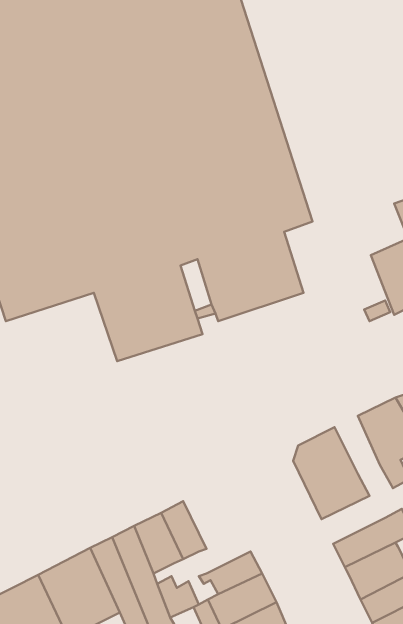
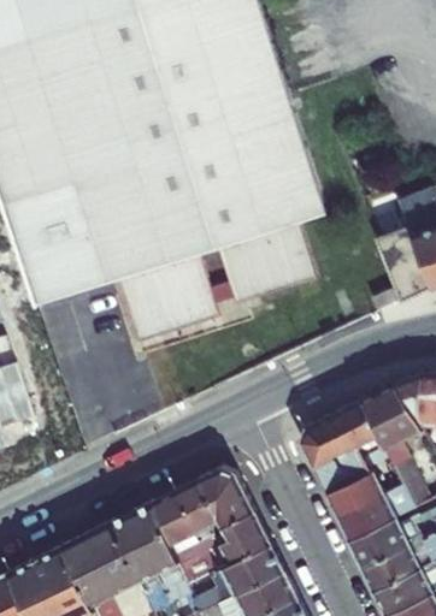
building: none -> [344,397,387,451]
building: none -> [204,464,266,544]
building: none -> [332,470,391,516]

